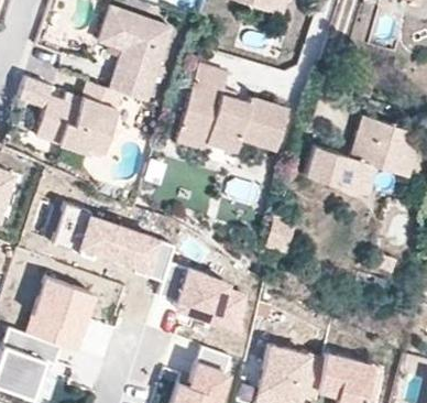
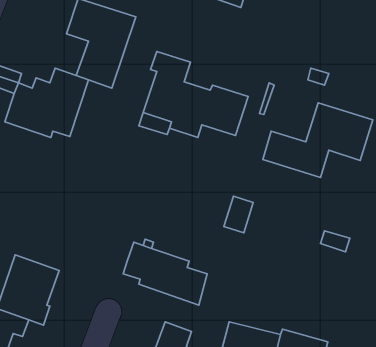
building: [54,205,176,282] -> none

